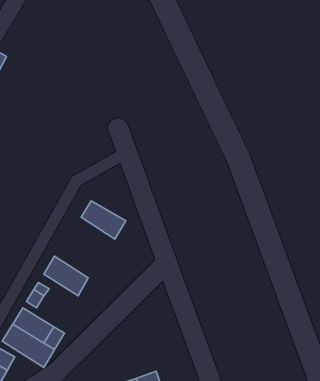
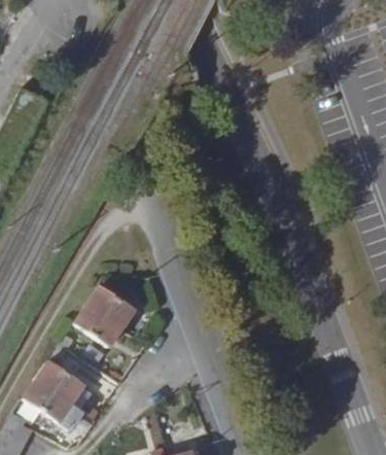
building: [81,201,126,239] -> [82,287,133,330]

